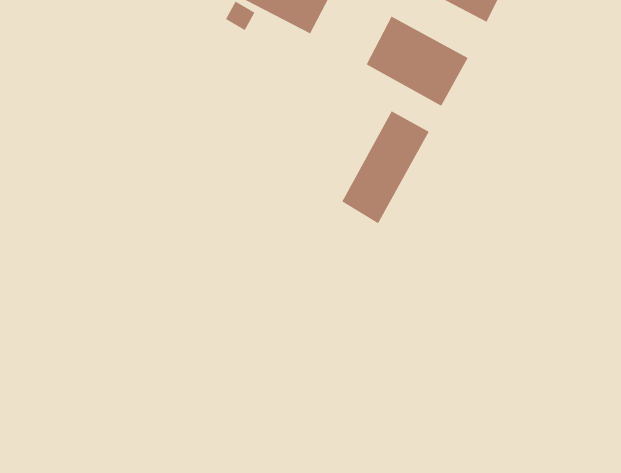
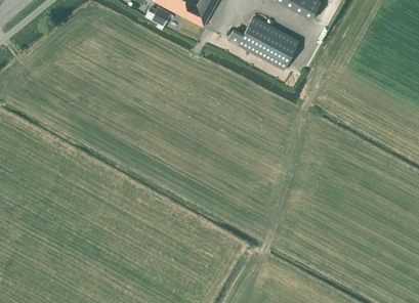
building: [341,110,430,224] -> none

